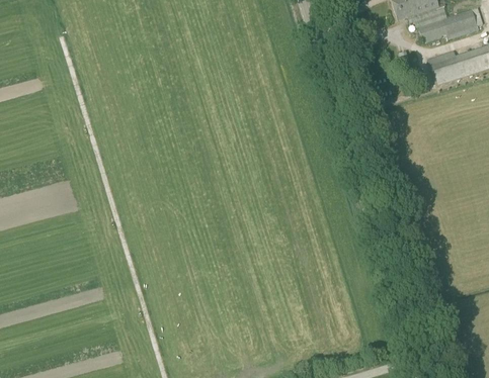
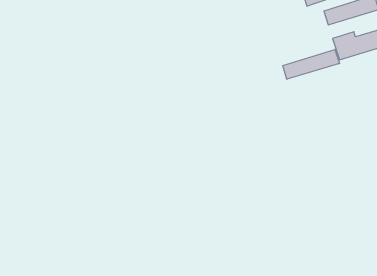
building: none -> [283,49,340,79]

